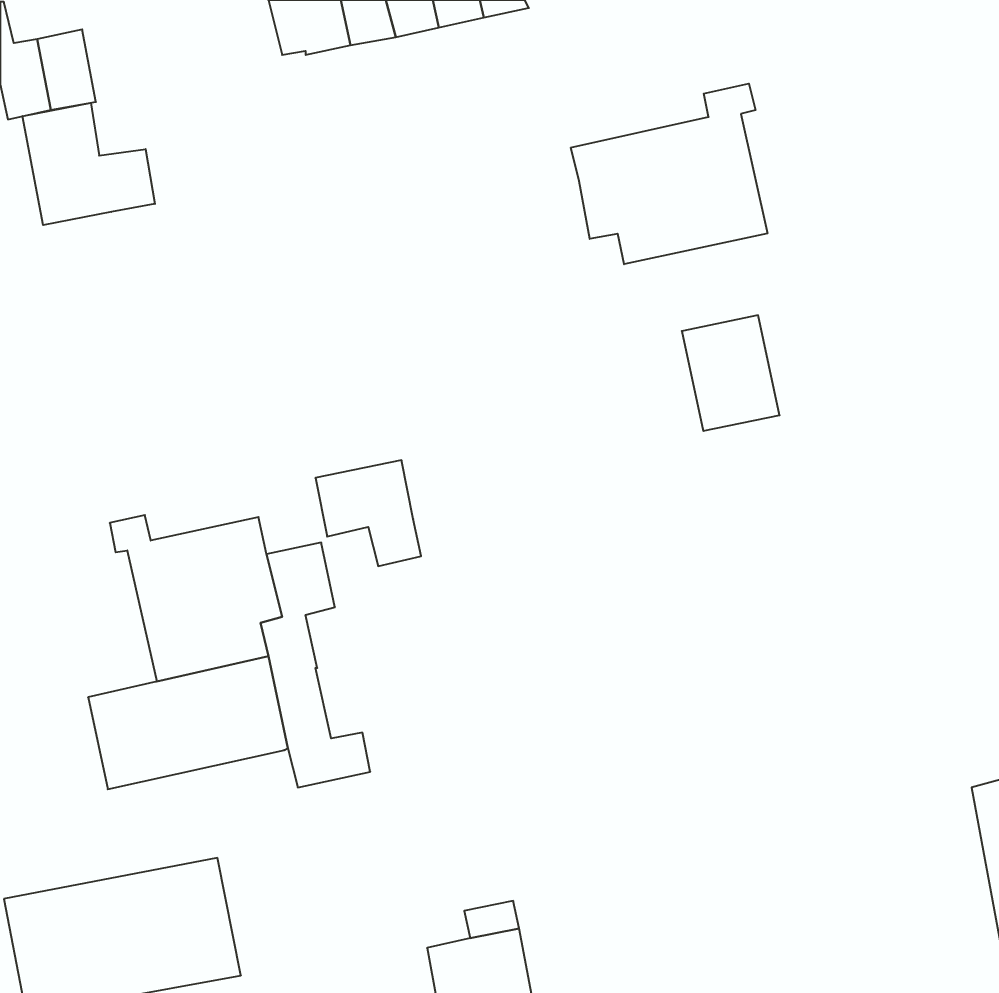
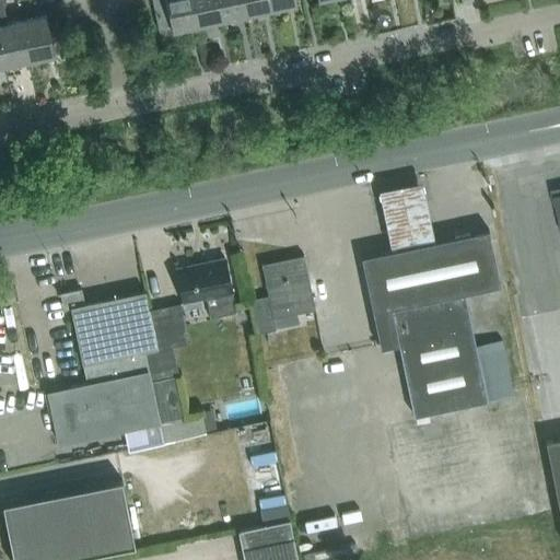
building: [571,84,767,264] -> none
building: [22,103,155,225] -> none
building: none -> [361,234,514,420]
building: none -> [253,260,316,337]

